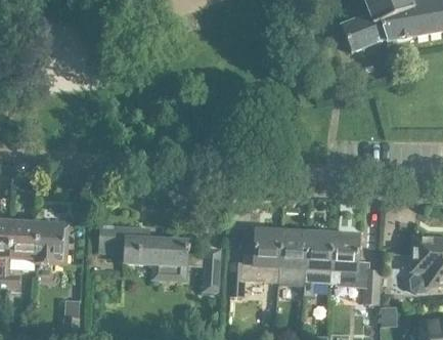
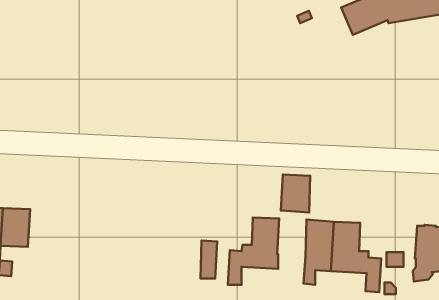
building: [35,221,69,264] -> none
building: [98,224,189,281] -> none
building: [278,230,307,267] -> [281,175,310,212]

